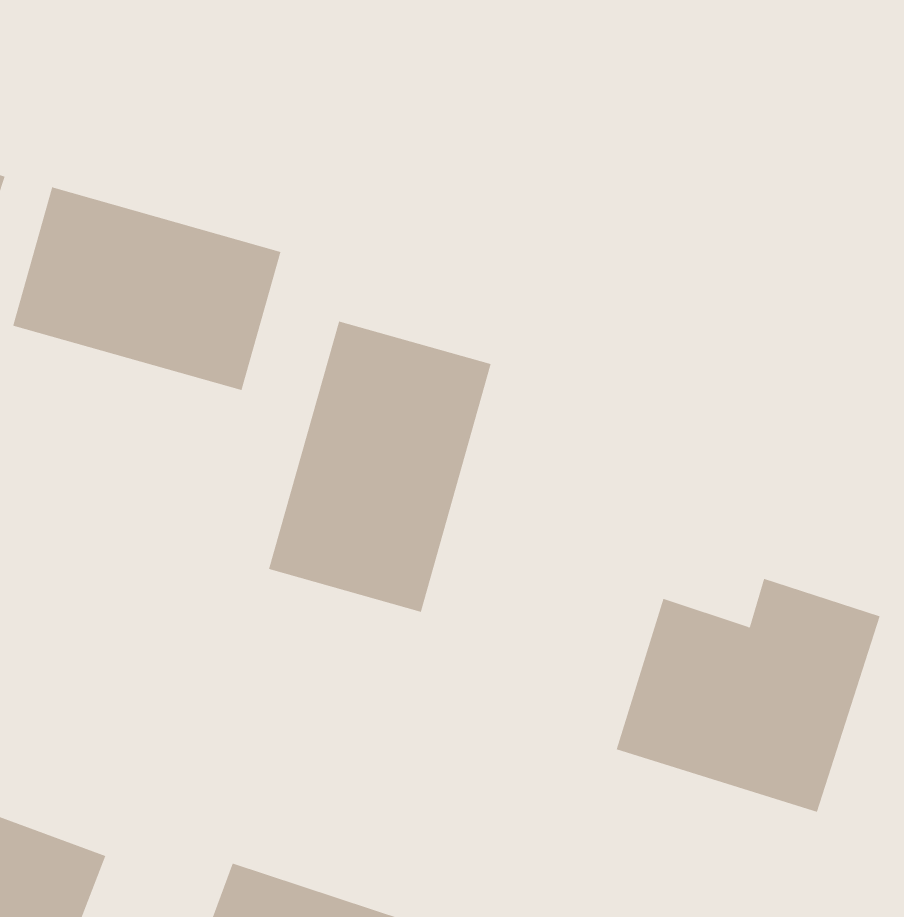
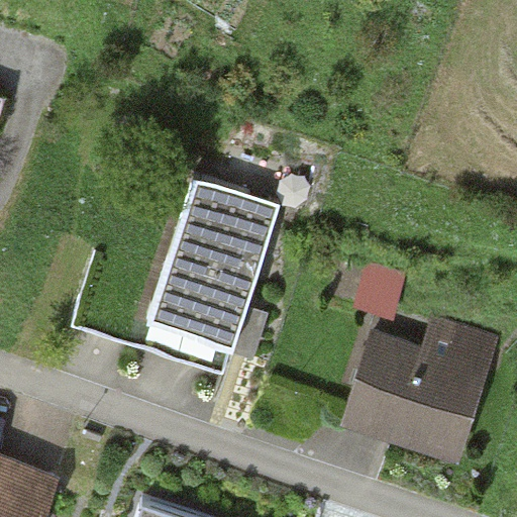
building: [12,187,281,391] -> none

